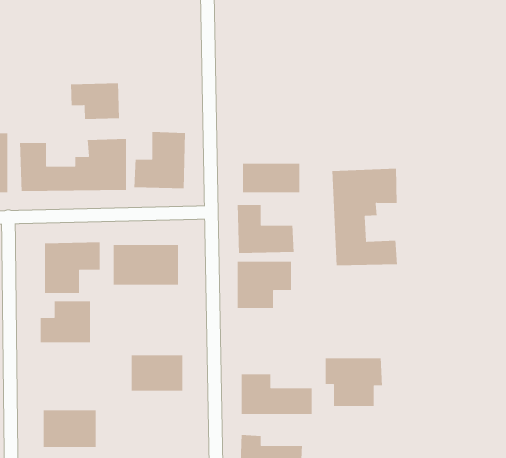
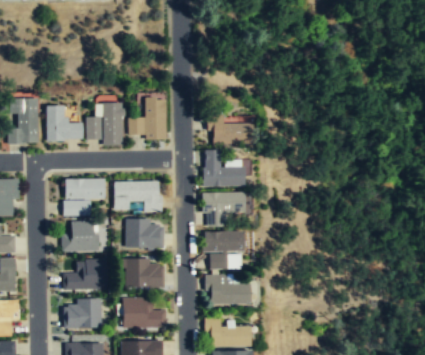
building: [70,83,120,120] -> none
building: [331,168,398,266] -> none
building: none -> [127,218,165,247]
building: none -> [63,260,107,290]
building: [325,357,383,407] -> [204,232,246,268]
building: none -> [124,298,166,327]

